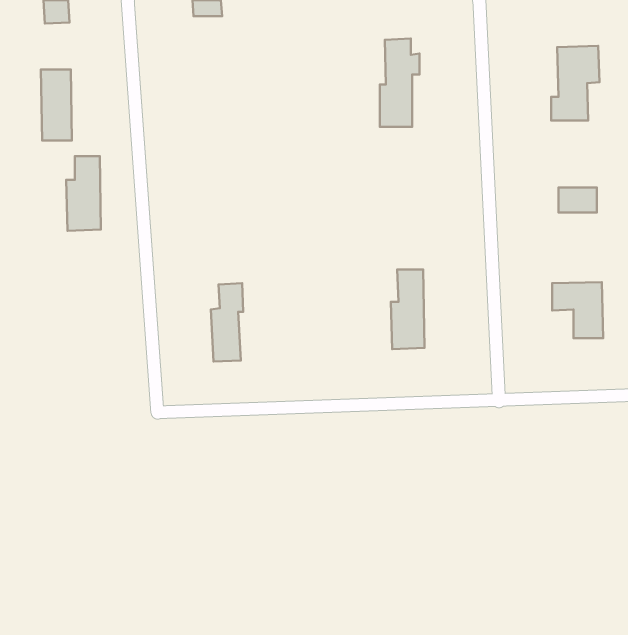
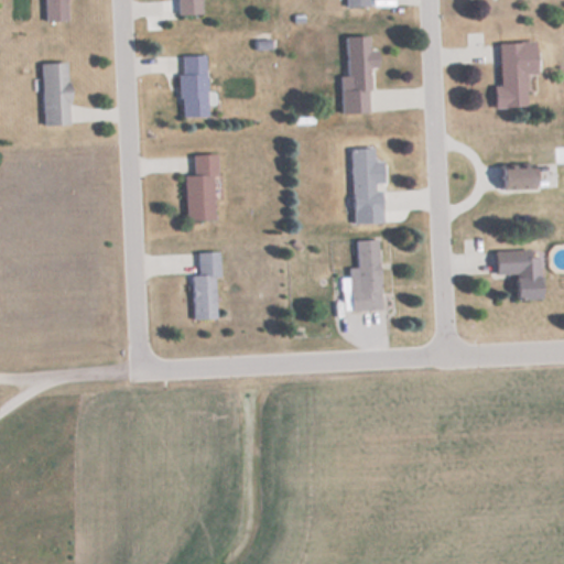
building: none -> [182,55,209,116]
building: [66,156,101,231] -> [186,154,217,220]
building: none -> [352,147,383,213]

